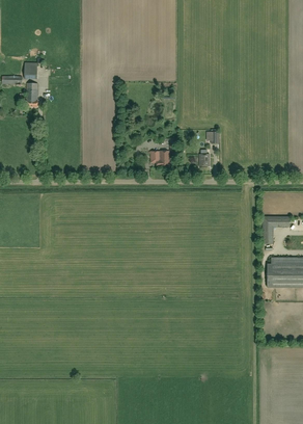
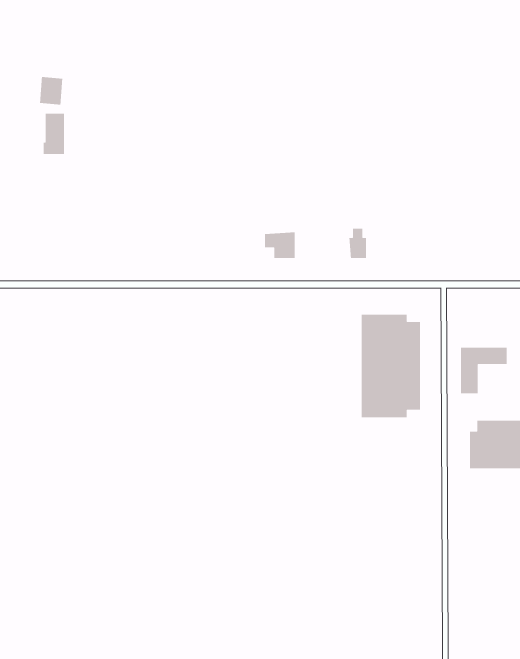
building: none -> [361,314,421,418]

